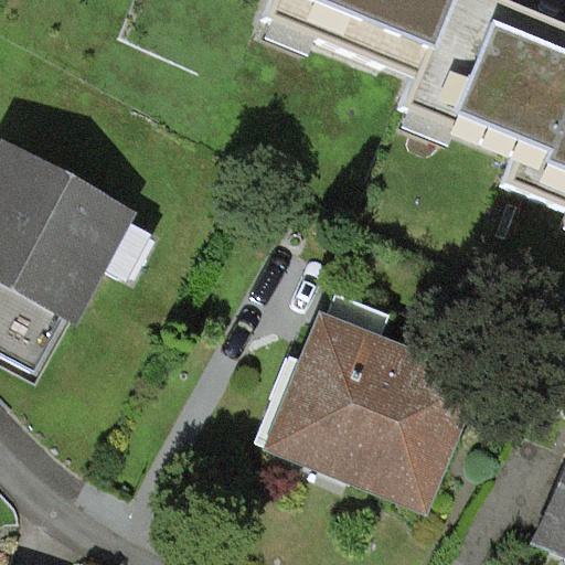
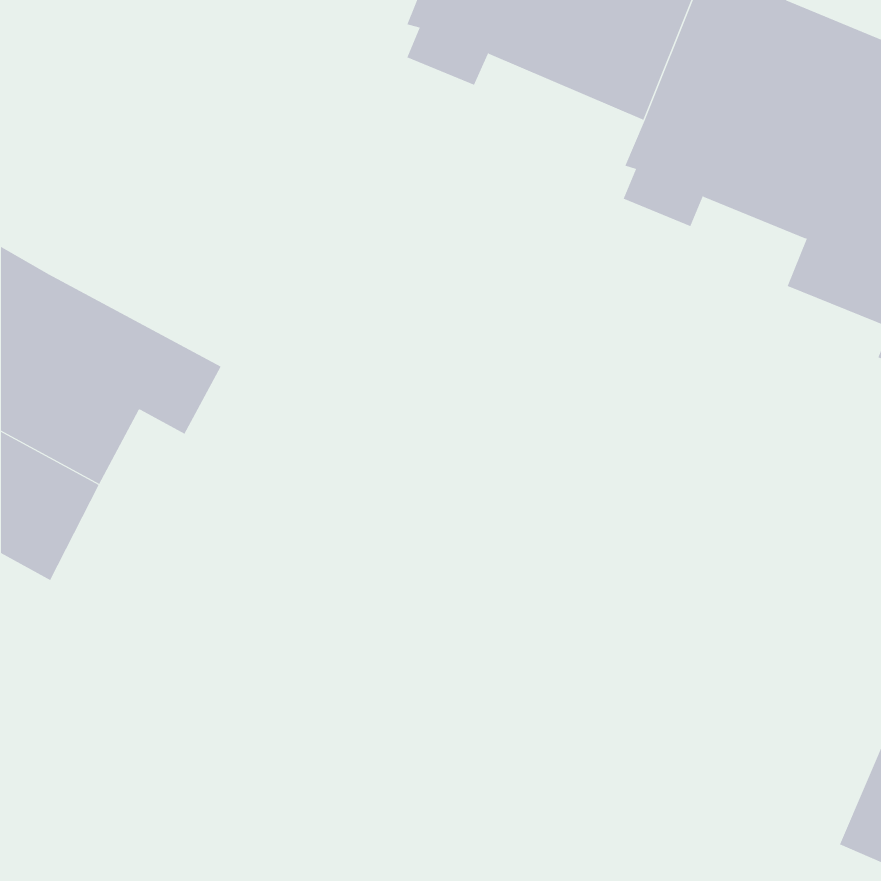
building: [259,290,471,502] -> none

